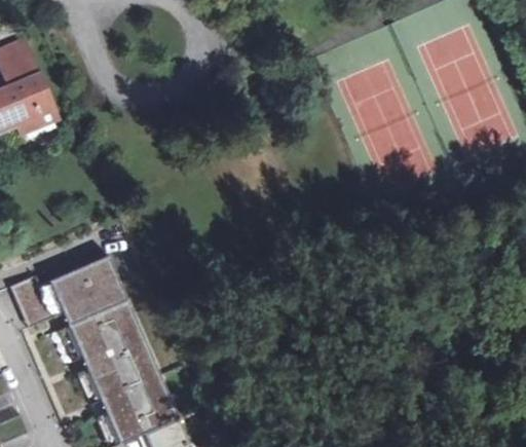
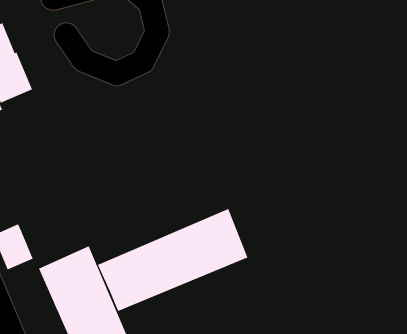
building: none -> [97,208,248,312]
building: [48,255,126,325] -> none

